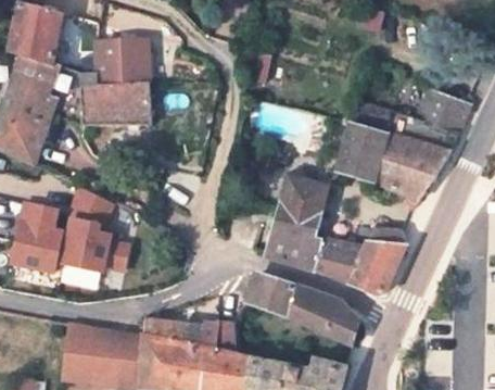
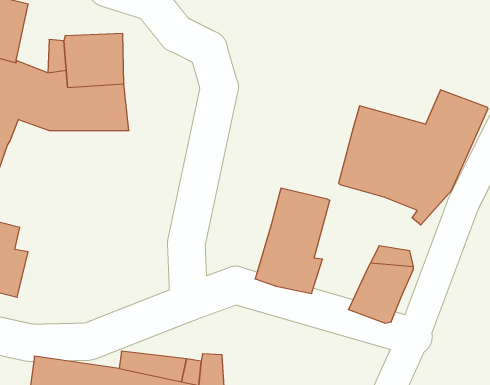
building: [62,186,128,272] -> none
building: [314,238,364,282] -> none
building: [244,273,360,344] -> none

